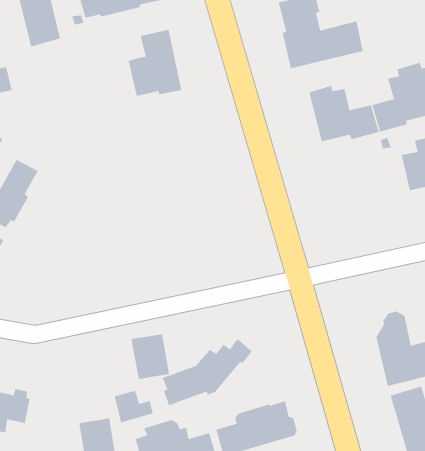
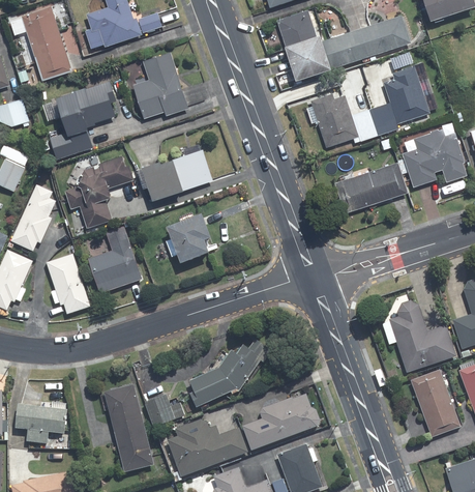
building: none -> [346,17,405,63]
building: none -> [51,82,117,161]
building: none -> [145,149,211,201]
building: none -> [75,156,133,229]
building: none -> [328,164,400,214]
building: none -> [167,214,215,266]
building: none -> [89,230,142,295]
building: none -> [47,256,90,316]
building: [130,334,170,379] -> [105,384,144,429]

